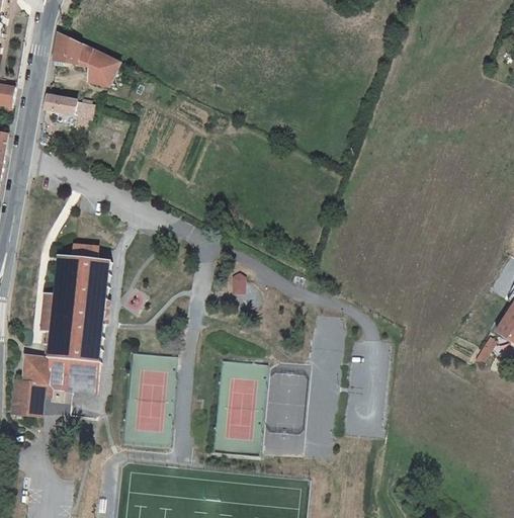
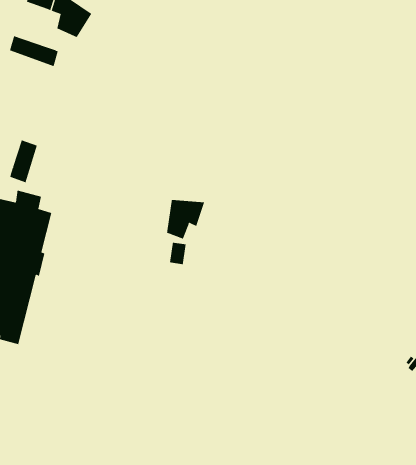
building: none -> [10,140,37,183]
building: none -> [166,199,205,239]

